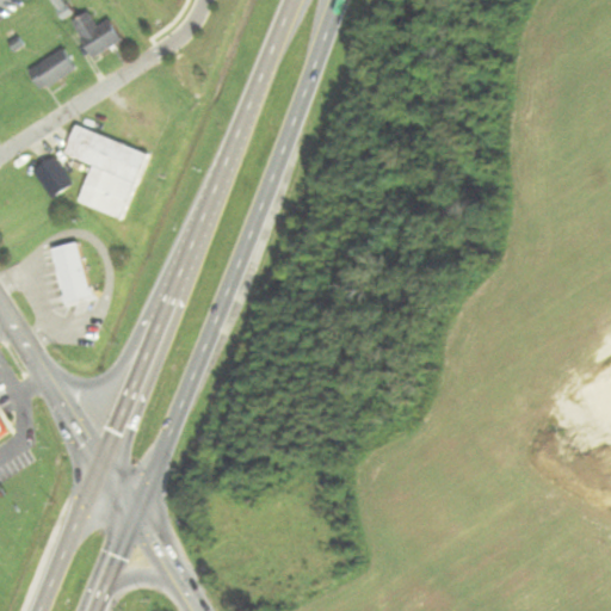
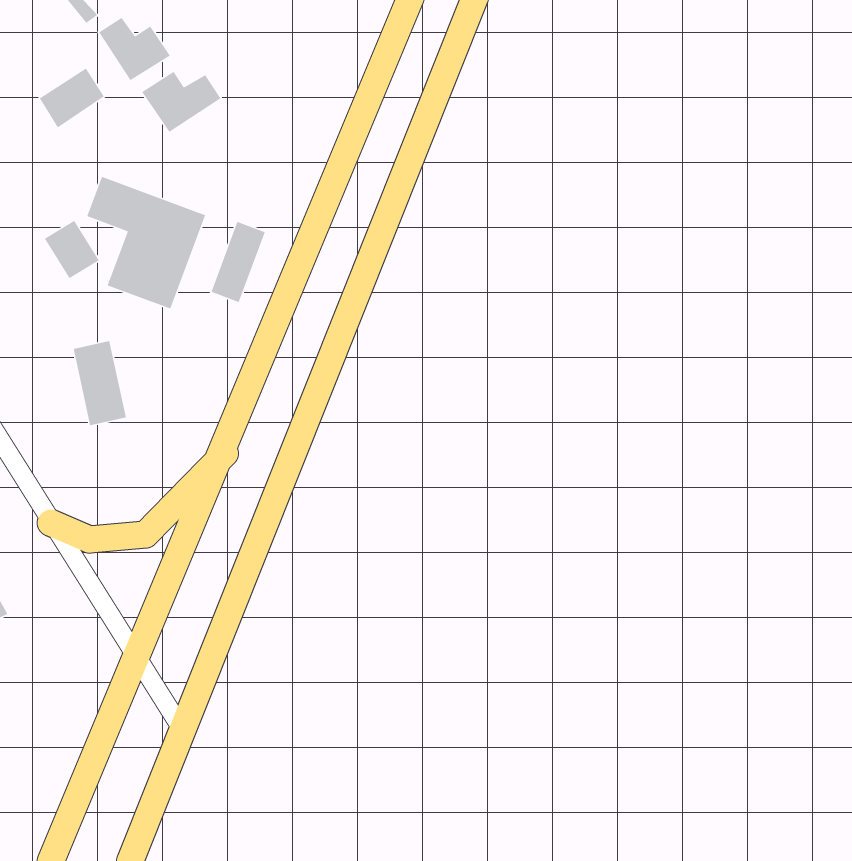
building: none -> [141,71,222,133]
building: none -> [210,221,266,303]

